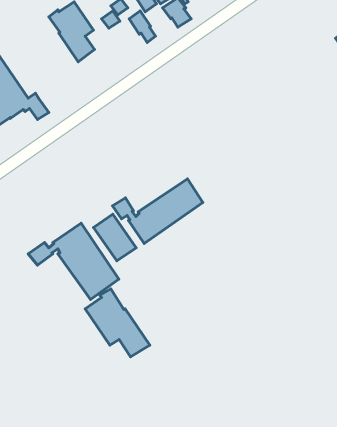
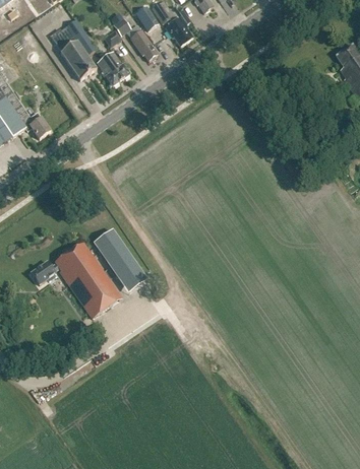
building: none -> [97,51,129,86]
building: [112,179,203,243] -> none
building: [85,289,150,357] -> none

